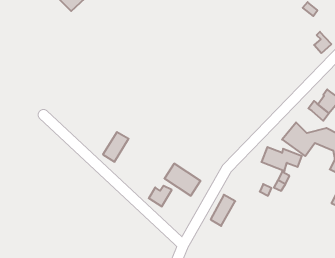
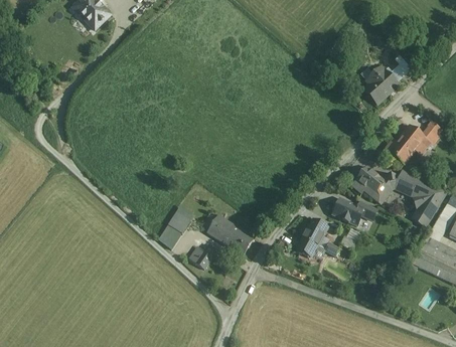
building: none -> [364,64,401,105]
building: [103,132,129,162] -> [159,211,190,247]
building: [211,195,235,226] -> [299,218,329,256]

